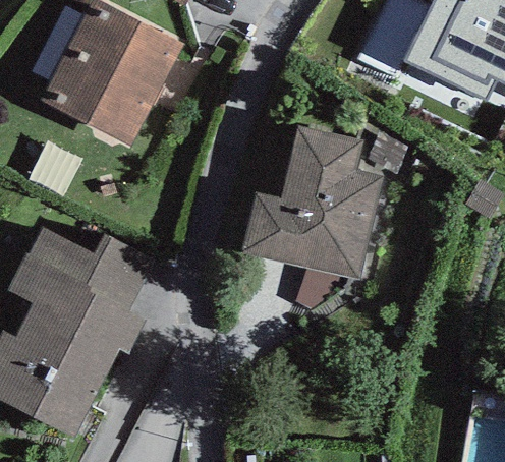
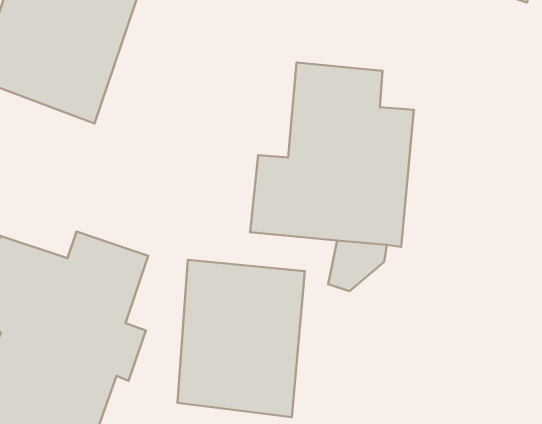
building: none -> [178,260,305,417]

